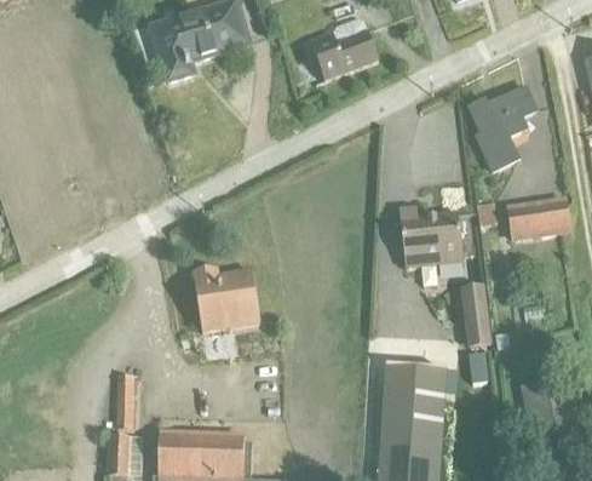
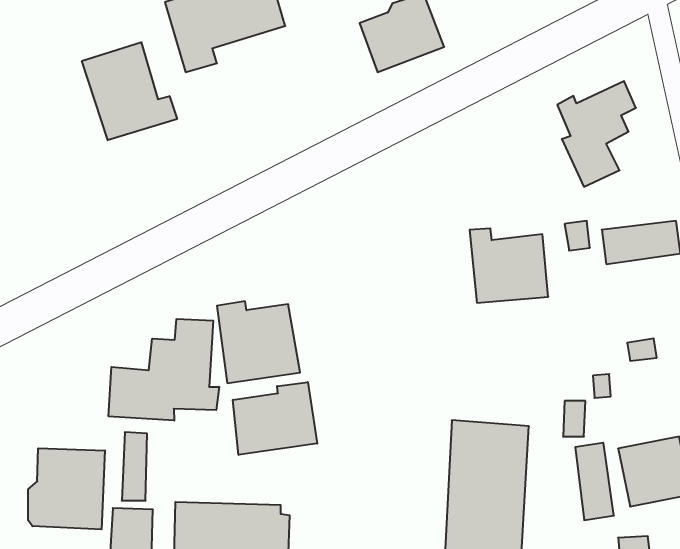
building: none -> [82,42,177,140]
building: none -> [109,319,219,421]
building: [460,284,492,347] -> [575,443,614,520]
building: none -> [233,382,317,455]
building: none -> [28,448,105,529]

